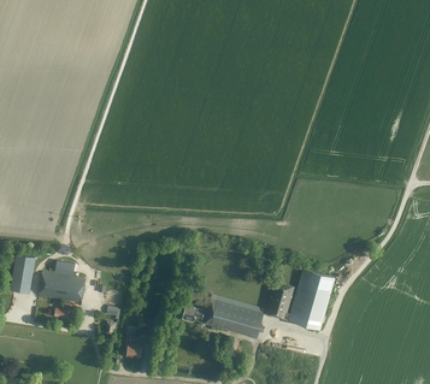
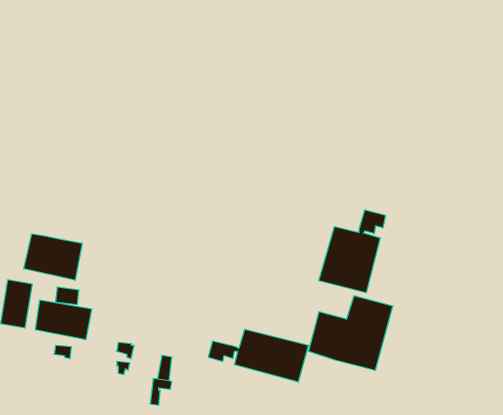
building: none -> [319,210,386,293]
building: none -> [24,234,82,280]

